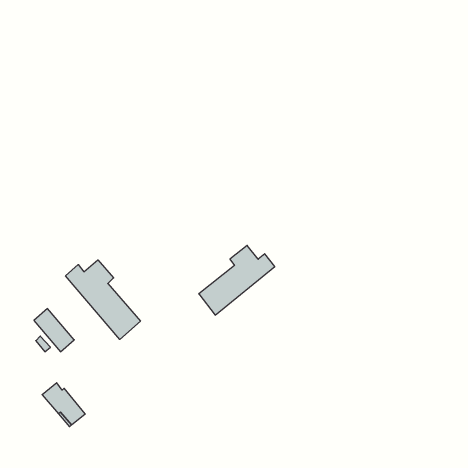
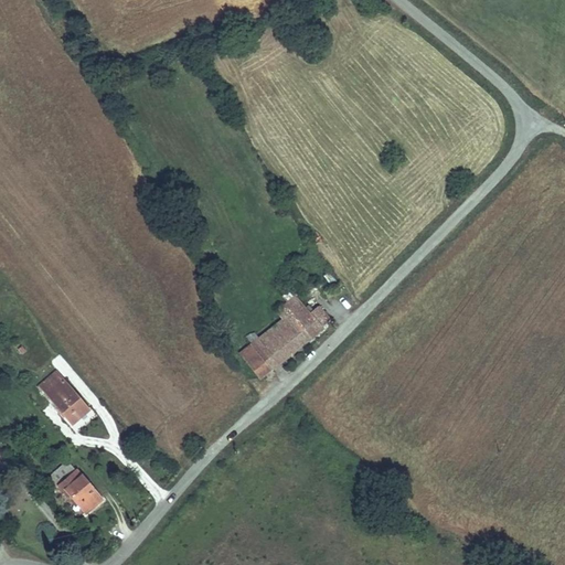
building: [66,260,140,339] -> none

